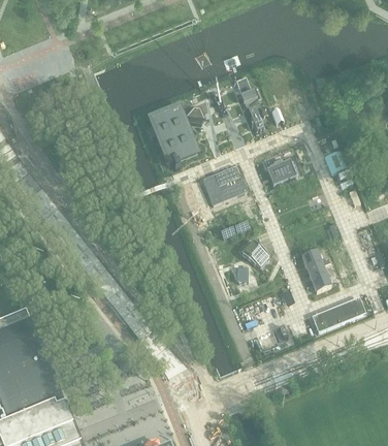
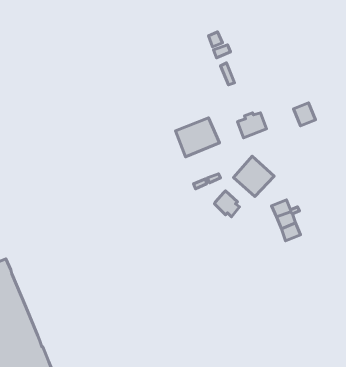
building: [151,104,204,160] -> none
building: none -> [233,156,274,196]
building: [311,297,364,331] -> none

